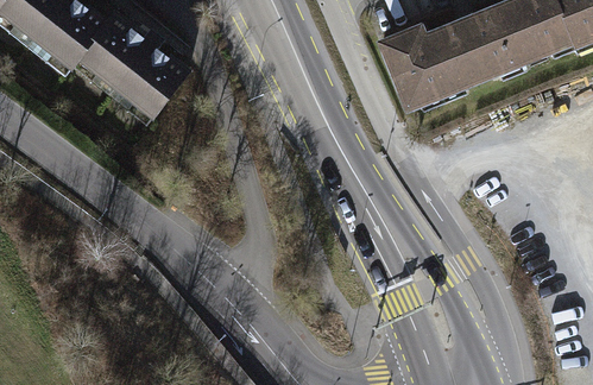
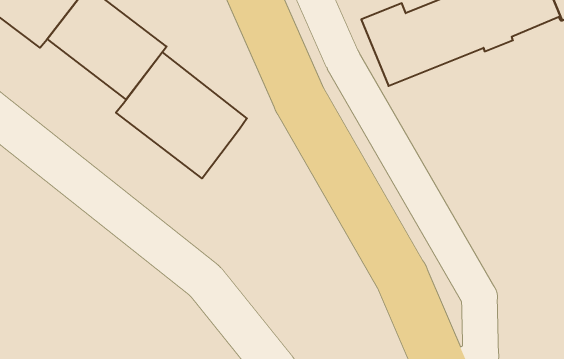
building: none -> [116,52,247,178]

